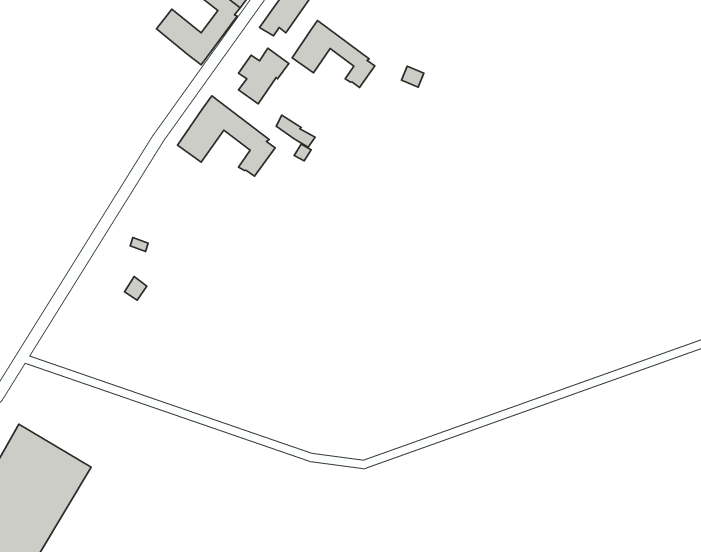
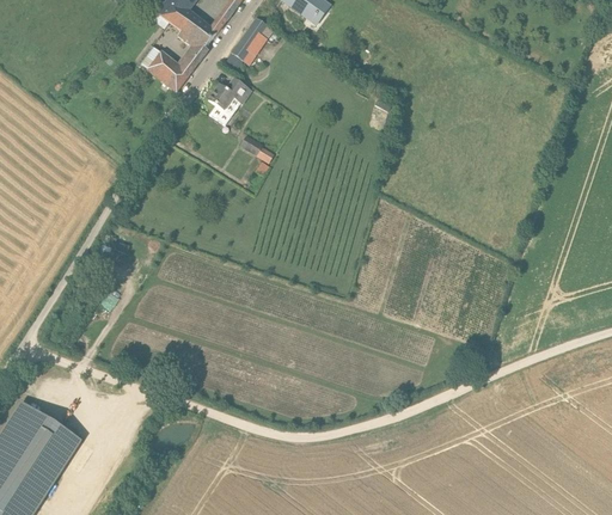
building: [292,21,375,87] -> none
building: [178,96,275,176] -> none

